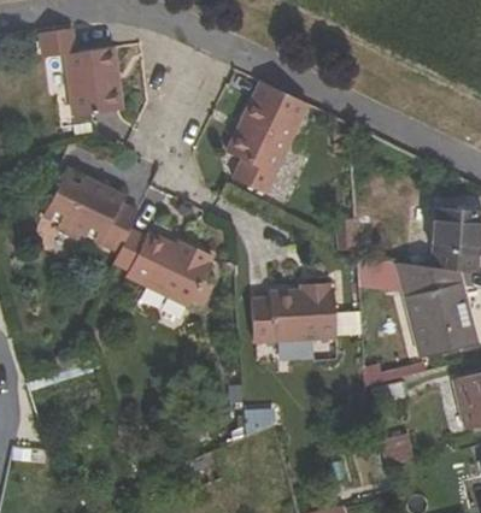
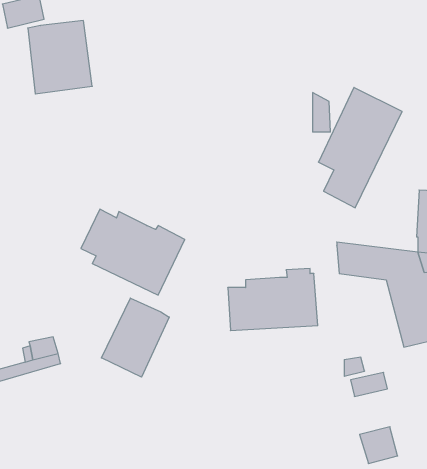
building: [230,82,310,196] -> [318,87,402,208]
building: [42,169,139,254] -> none
building: none -> [101,298,169,377]

